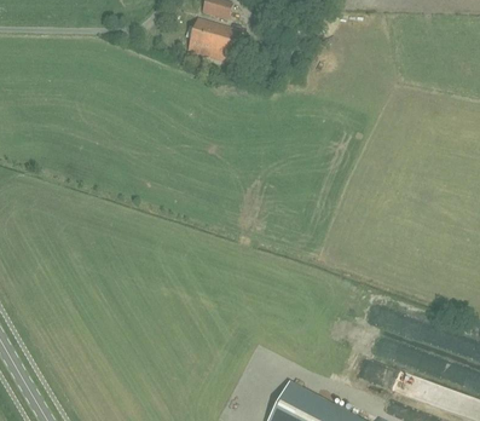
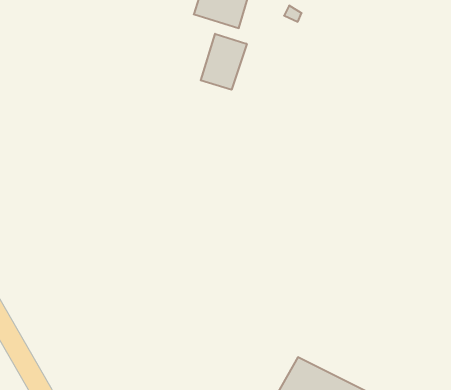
building: none -> [201,34,247,90]

